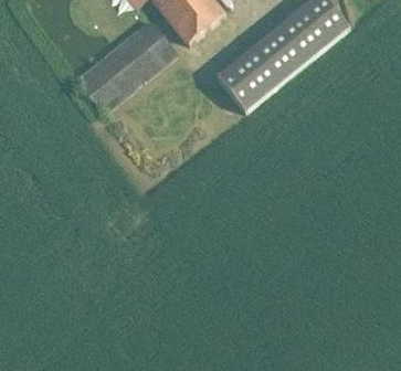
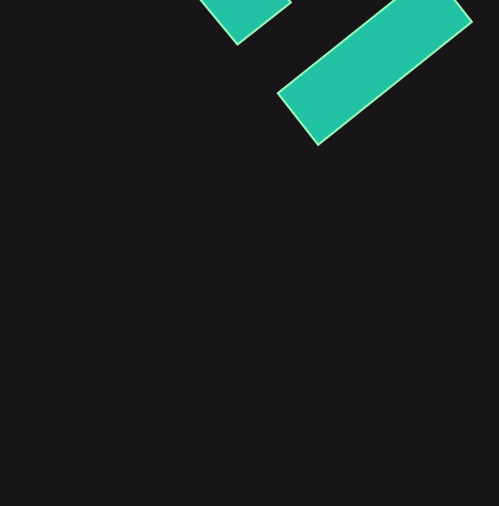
building: [77,21,177,113] -> none

